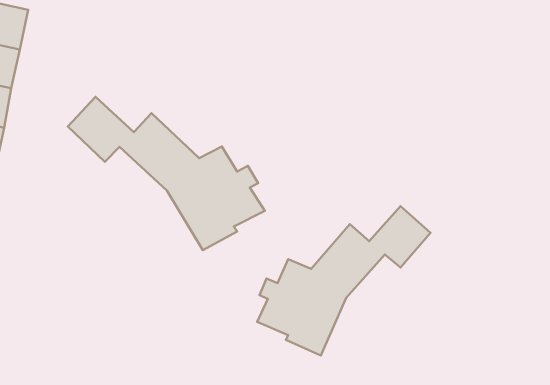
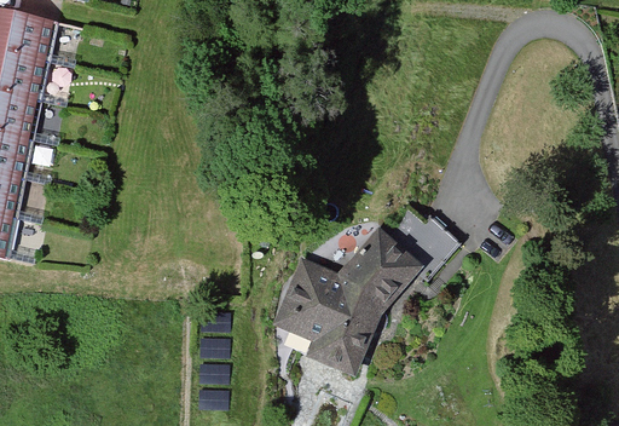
building: [68,97,265,250] -> none

